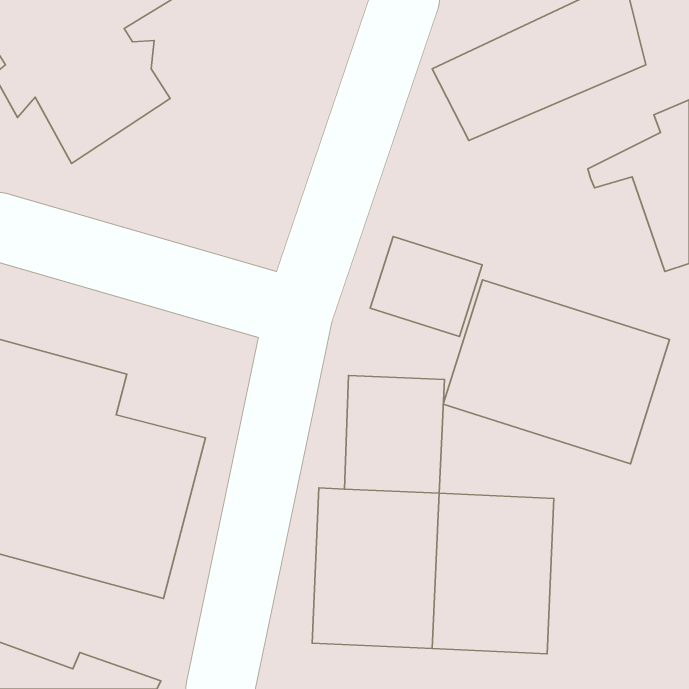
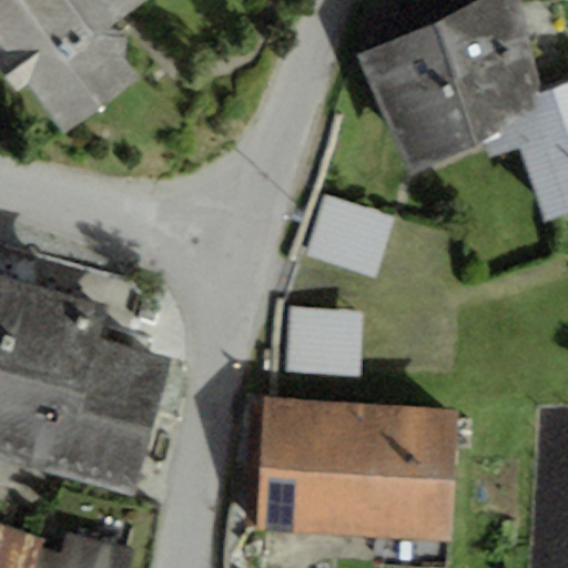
building: none -> [385,53,542,175]
building: [443,280,670,464] -> none

